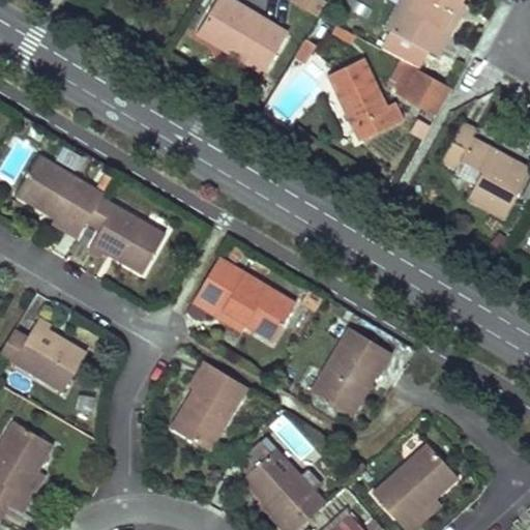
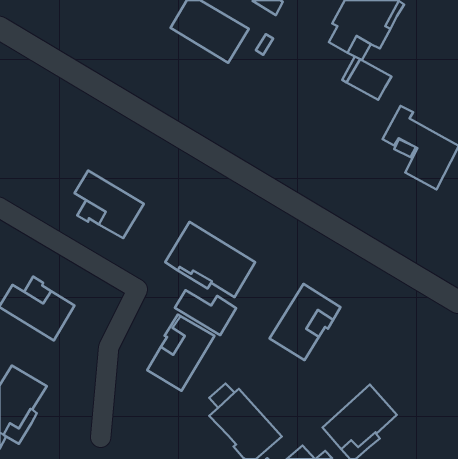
building: [327,57,402,140] -> none
building: [16,155,104,237] -> none
building: none -> [175,290,236,335]

